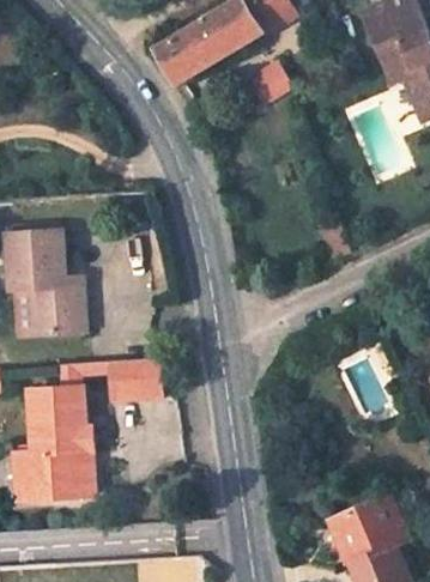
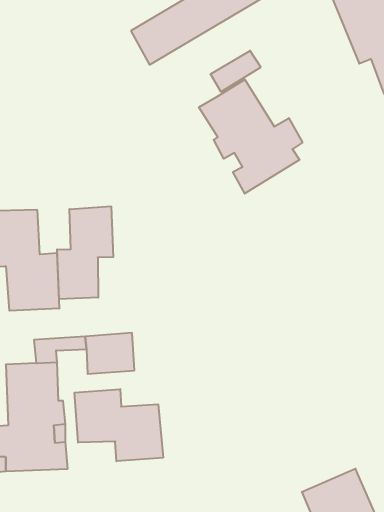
building: none -> [199,79,302,194]
building: none -> [57,206,113,299]
building: none -> [75,389,163,461]

